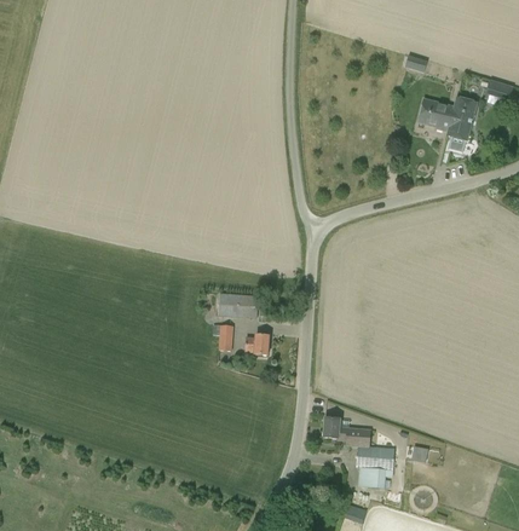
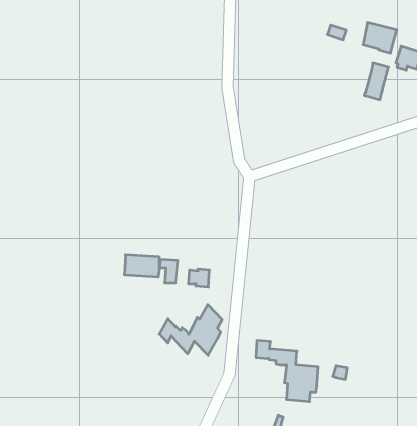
building: [417,97,456,132] -> [363,23,397,53]
building: [218,293,258,318] -> [124,255,159,277]
building: none -> [159,305,222,355]

